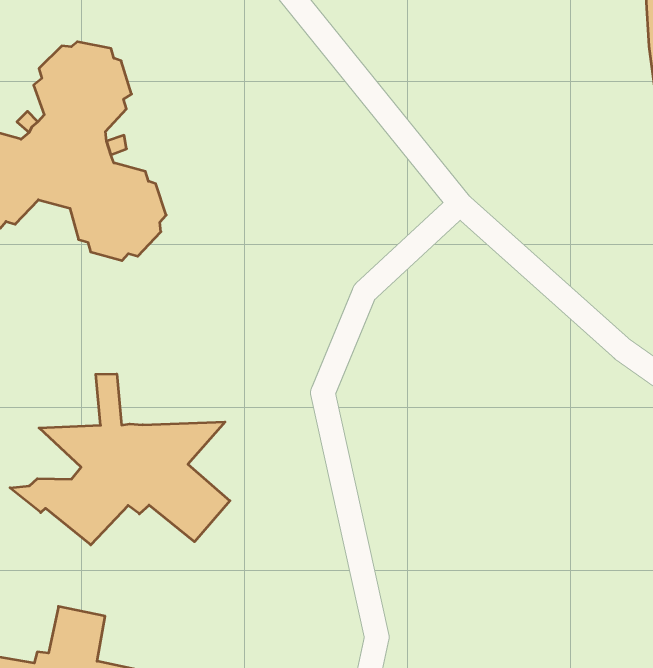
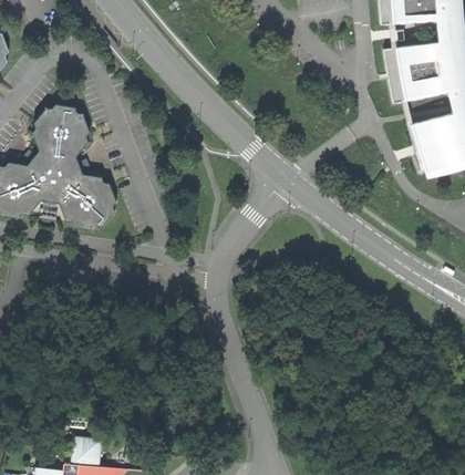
building: [10,374,230,545] -> none

